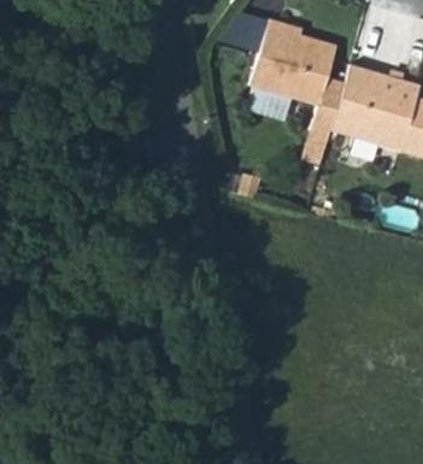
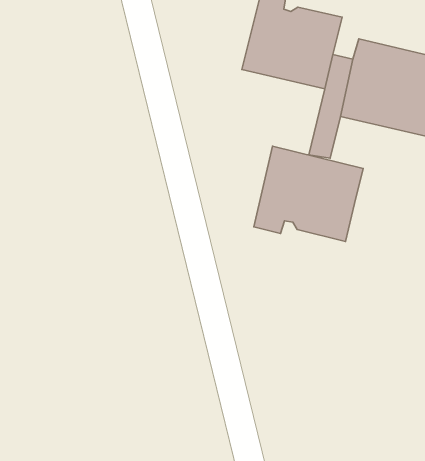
building: none -> [254,146,363,242]

